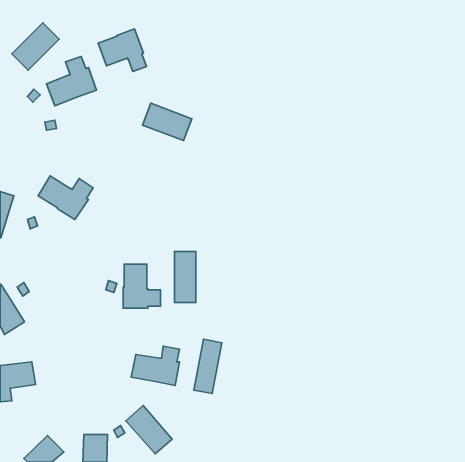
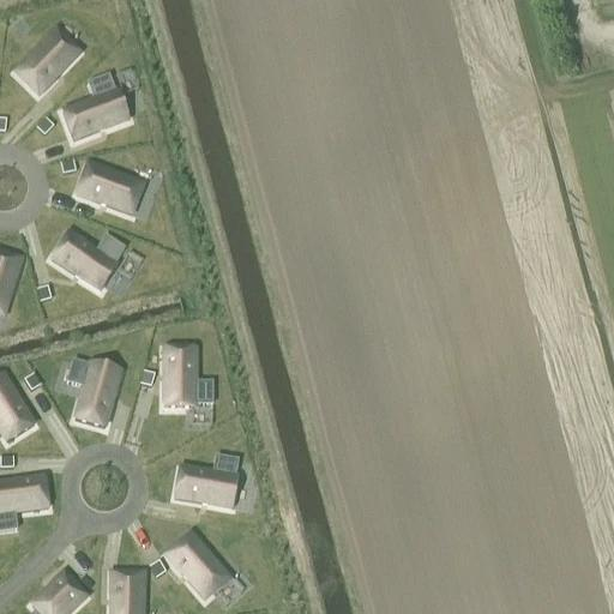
building: [98,29,146,71] -> none
building: [143,103,192,141] -> [77,164,142,213]
building: [174,252,196,302] -> none
building: none -> [67,360,120,426]
building: [194,339,222,393] -> none

